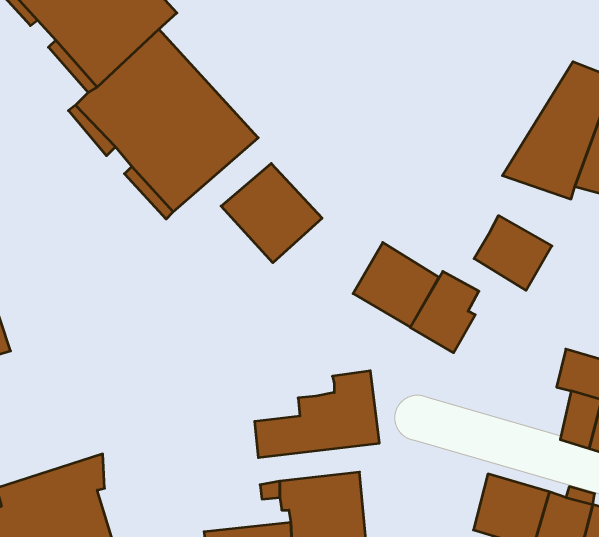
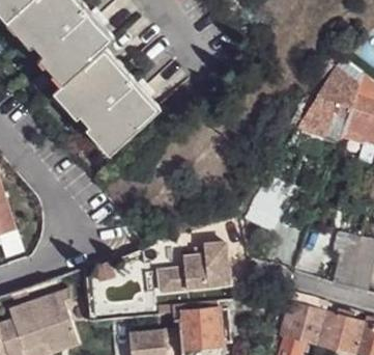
building: [221,163,322,263] -> none
building: [474,216,552,290] -> none
building: [353,242,439,327] -> none

